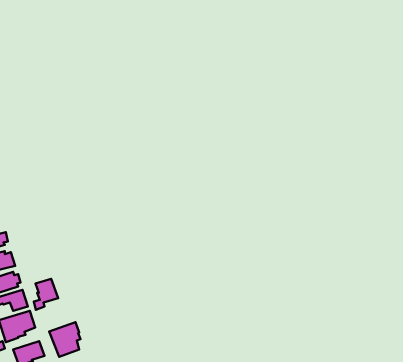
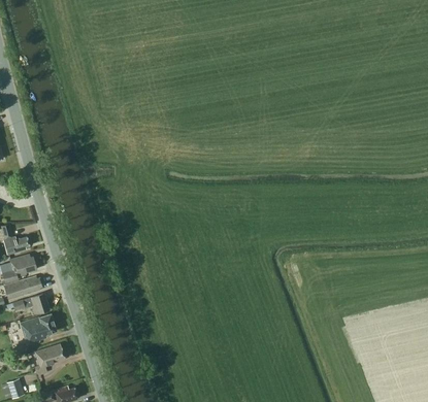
building: [34,279,58,310] -> none
building: [49,322,81,357] -> none

